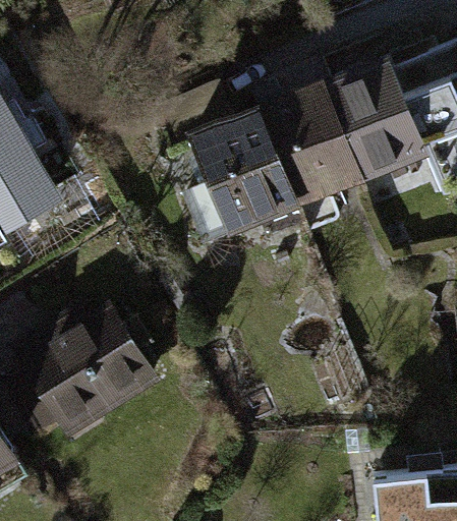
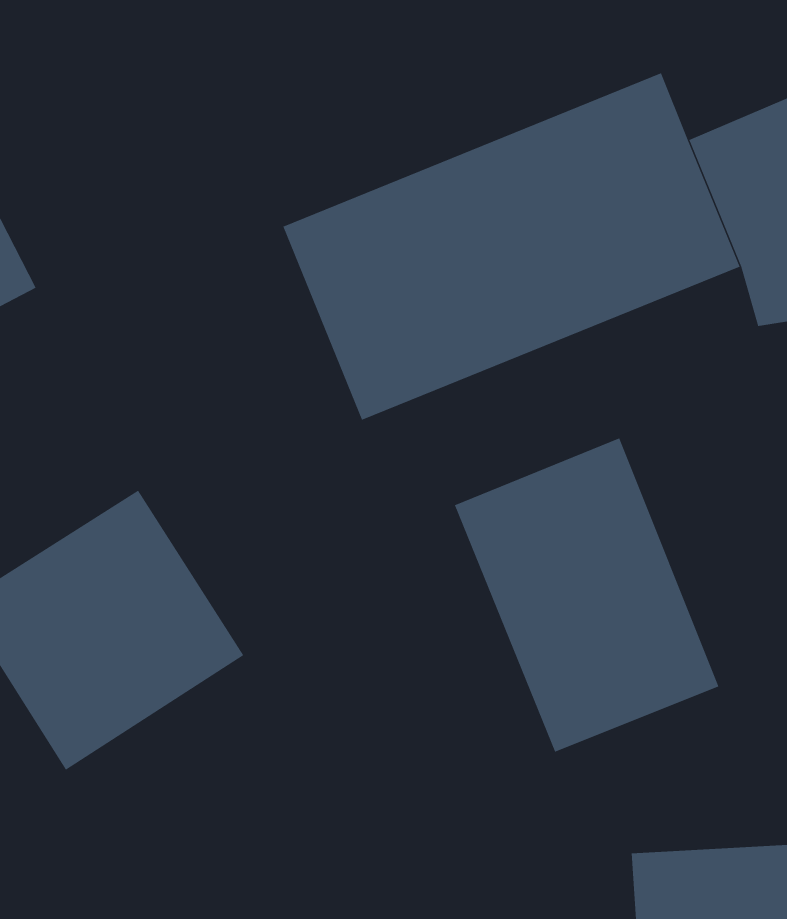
building: none -> [454,437,719,753]

